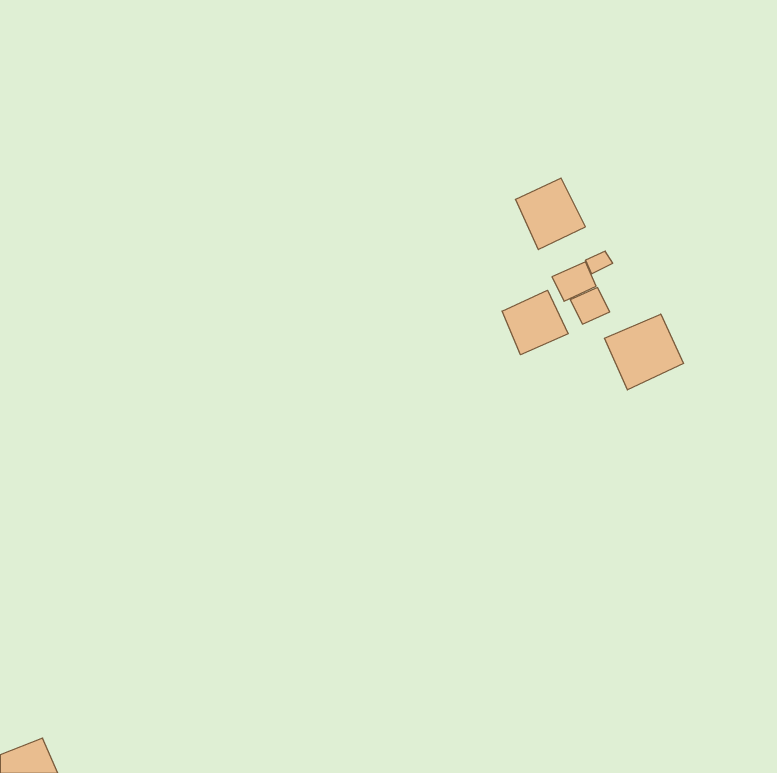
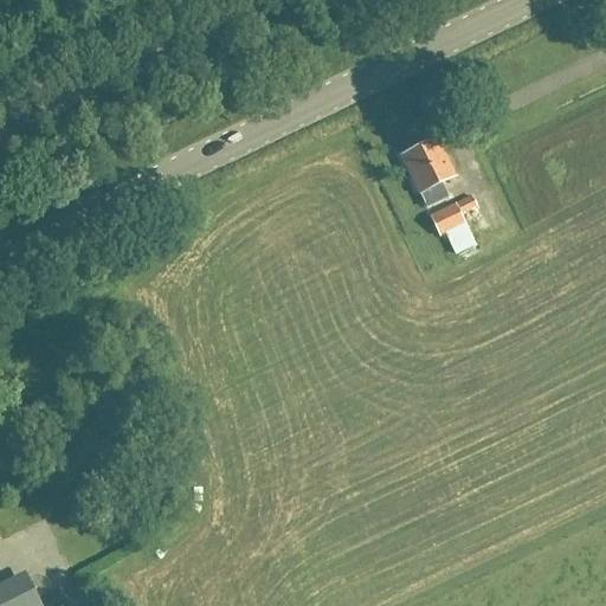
building: [502,290,568,355] -> none
building: [604,314,683,390] -> none

